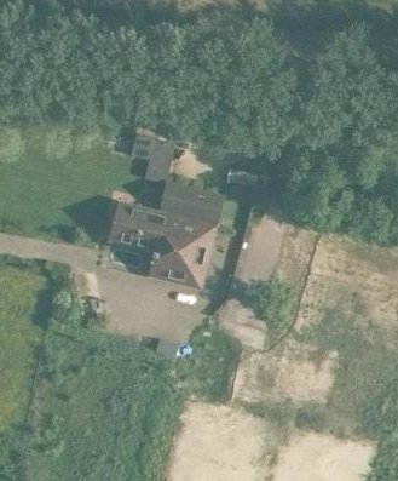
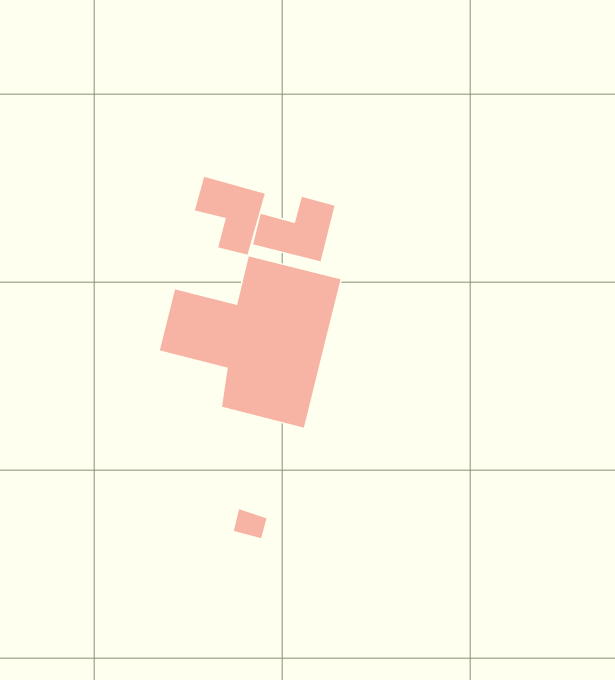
building: none -> [252,196,335,262]

